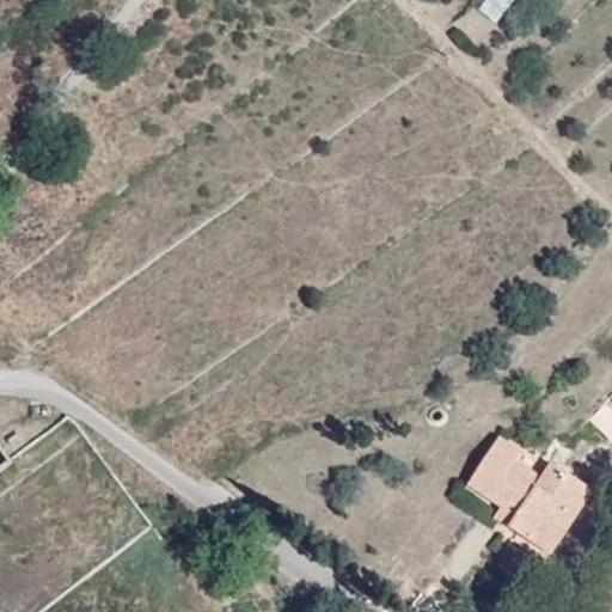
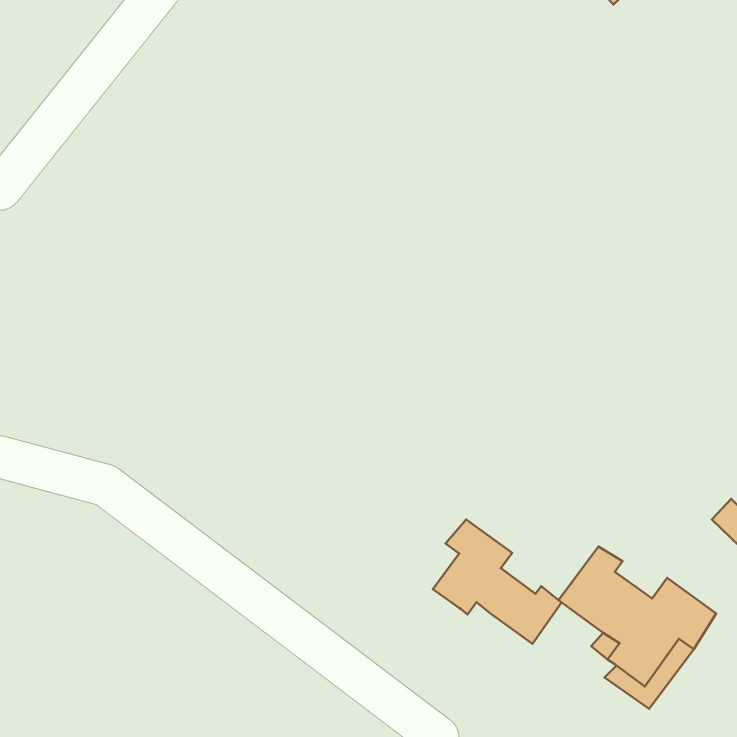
building: none -> [433,519,562,644]

